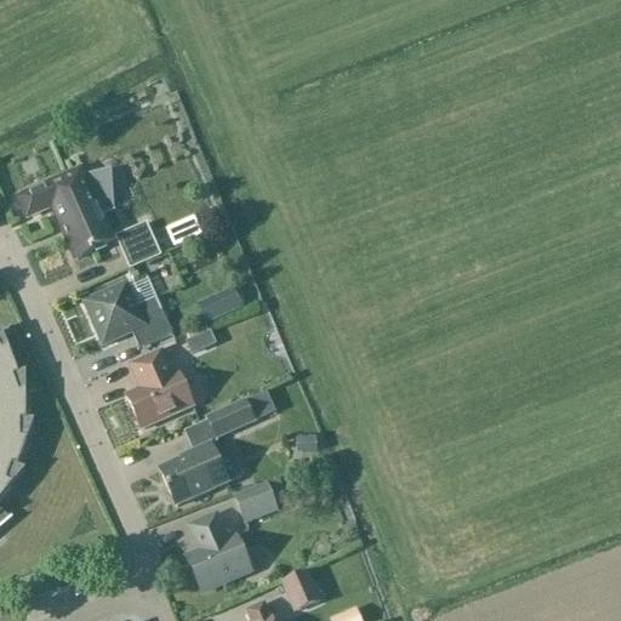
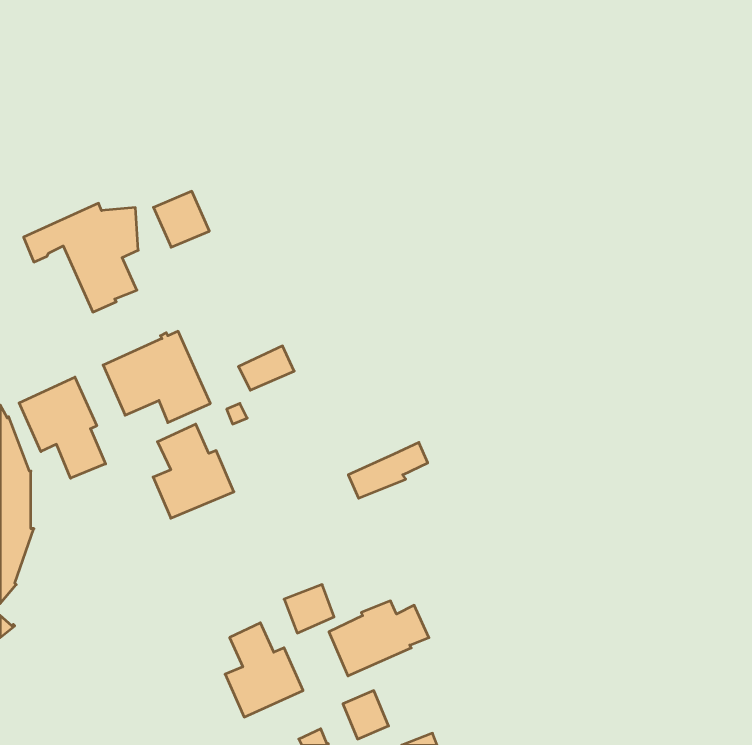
building: [115,220,161,266] -> [153,191,209,247]
building: none -> [19,377,106,478]
building: [207,391,273,437] -> [348,442,428,498]
building: [160,443,243,505] -> [329,601,429,676]

